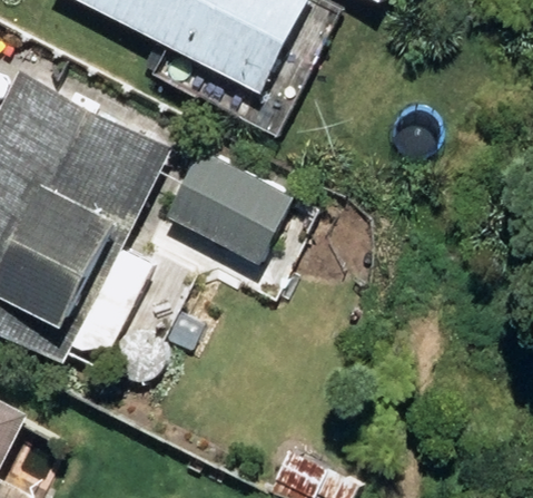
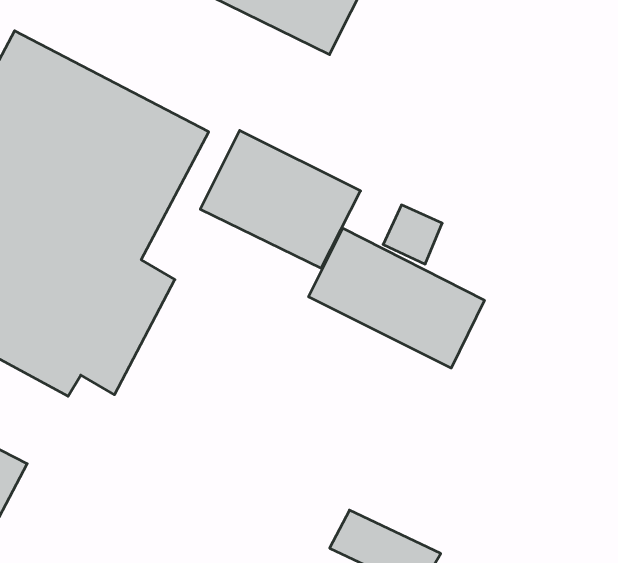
building: none -> [309,228,484,368]

